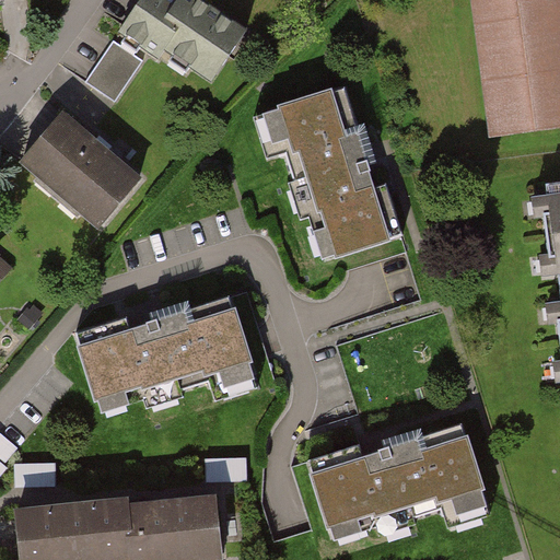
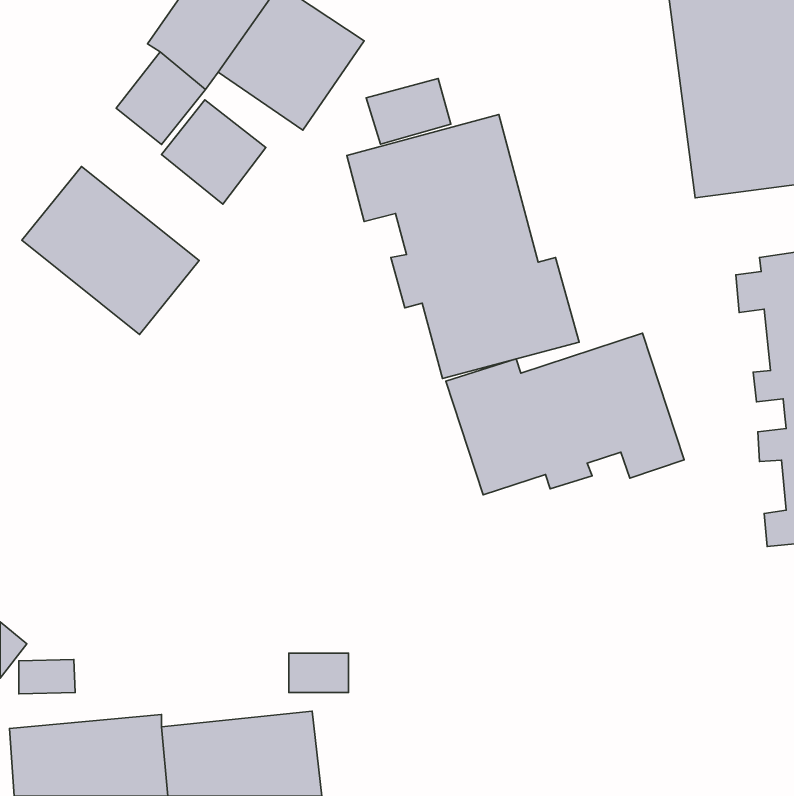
building: none -> [366,78,451,144]
building: none -> [162,100,266,204]
building: none -> [446,333,684,495]
building: [72,291,266,413] -> none
building: [301,422,497,541] -> none

